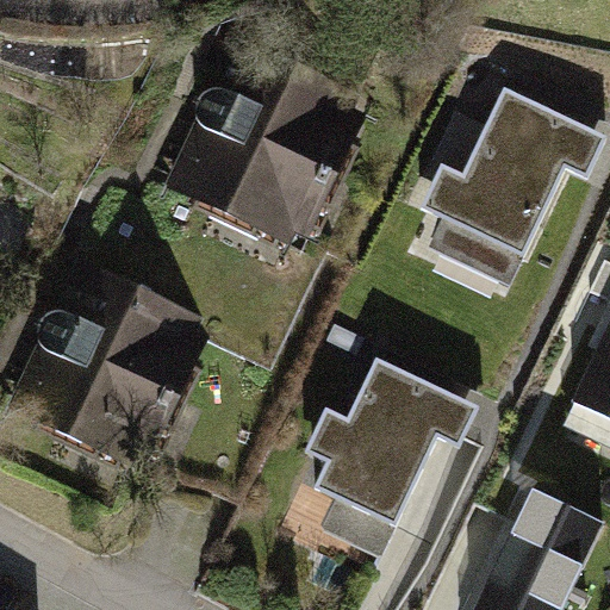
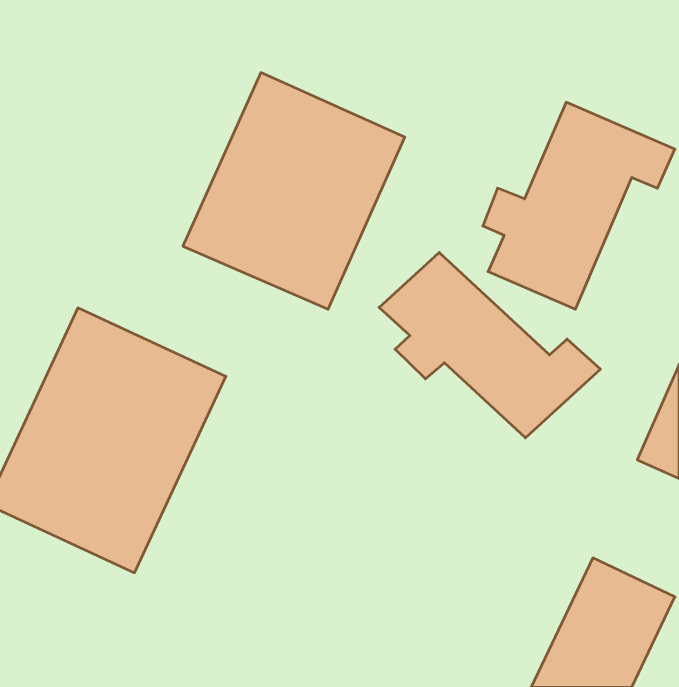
building: none -> [379,252,600,438]
building: [299,351,483,556] -> none

